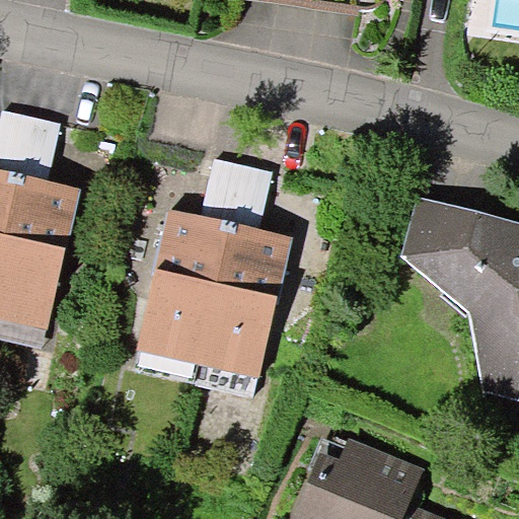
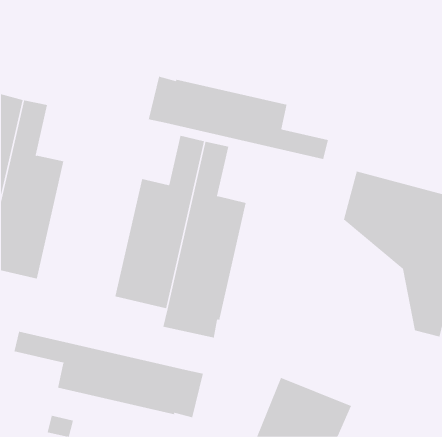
building: none -> [148,76,329,160]
building: none -> [14,331,203,418]

